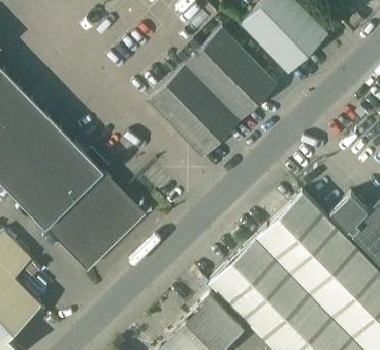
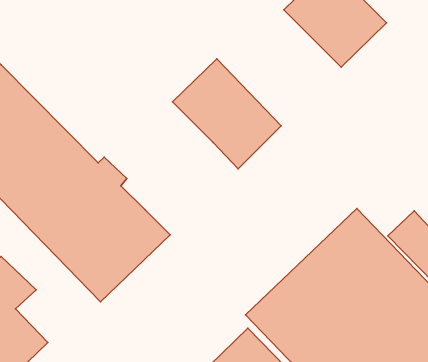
building: [176,30,278,123] -> none

